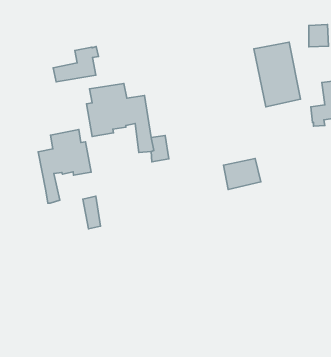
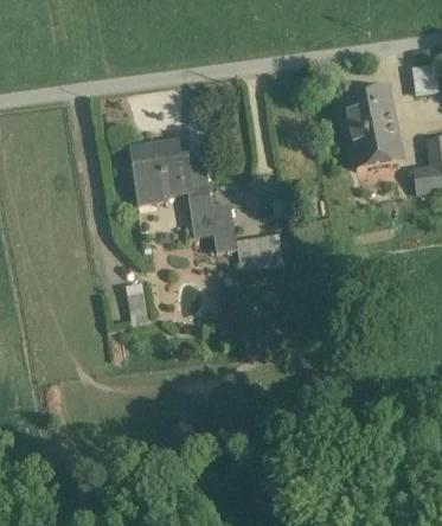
building: [53,47,99,82] -> none
building: [38,129,91,203] -> none
building: [224,159,261,189] -> [236,232,283,271]

